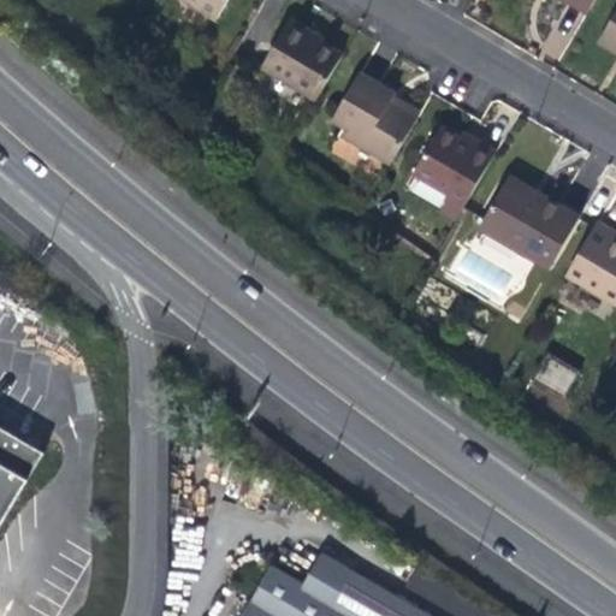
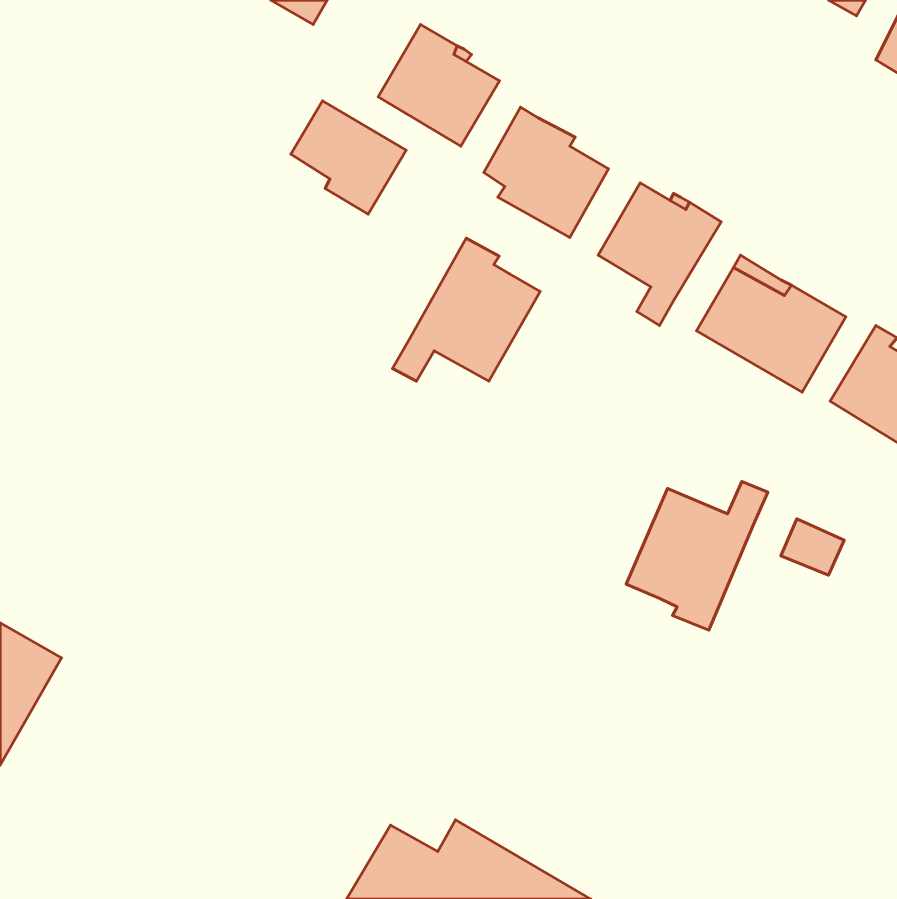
building: none -> [291,101,406,214]
building: none -> [393,238,540,381]
building: none -> [626,482,768,630]

